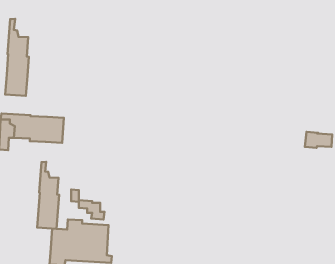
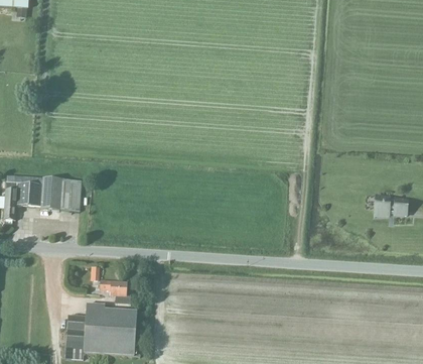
building: [5,19,29,96] -> none
building: [37,162,59,229] -> none

